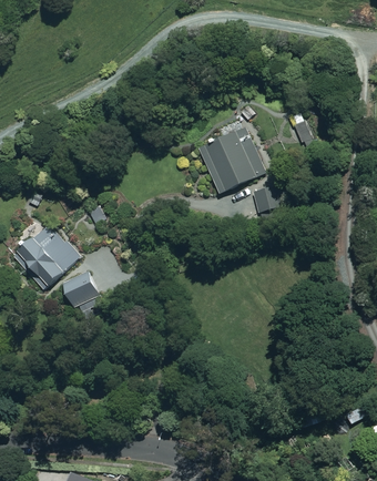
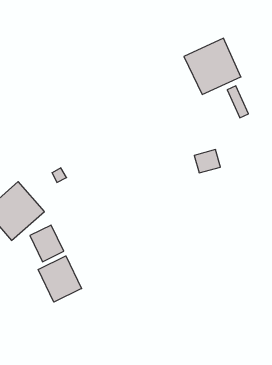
building: [198,127,264,192] -> [184,38,241,94]
building: none -> [38,256,82,302]

